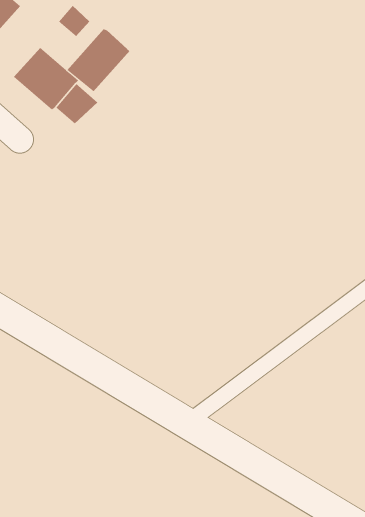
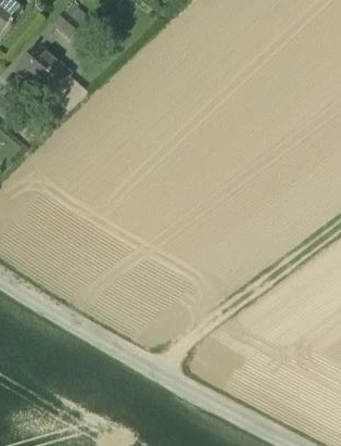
building: [67,28,130,92] -> none

